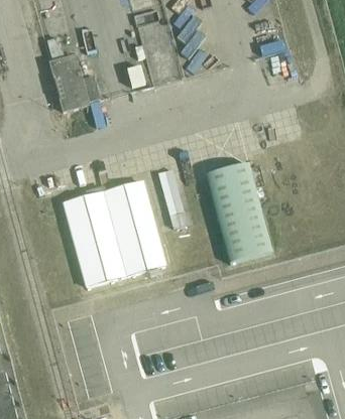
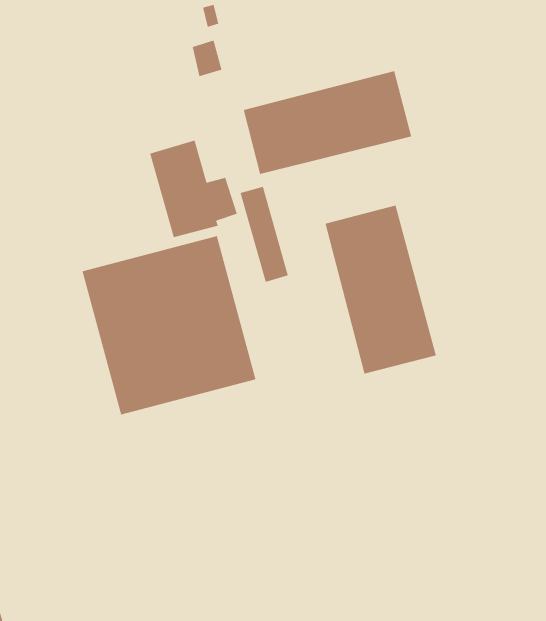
building: [47,54,100,113] -> [149,139,238,238]
building: none -> [243,70,412,175]

